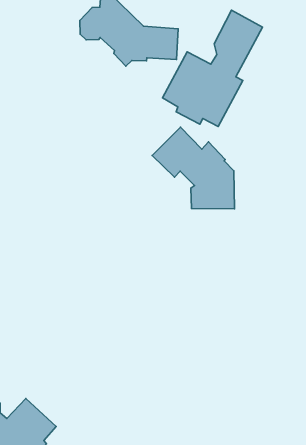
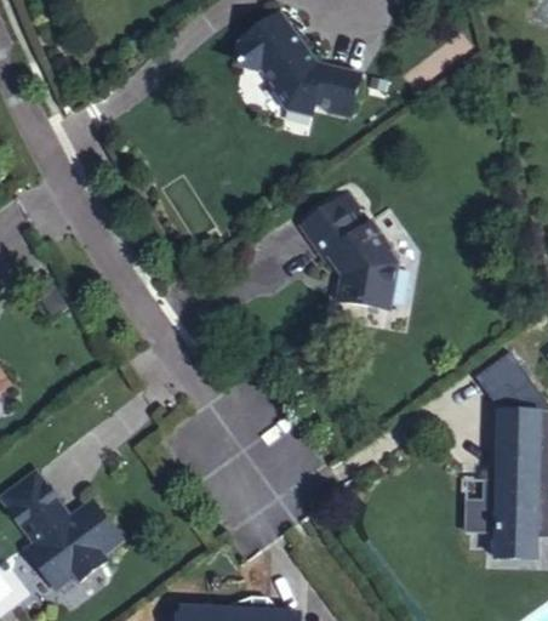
building: [162,10,262,126] -> none

